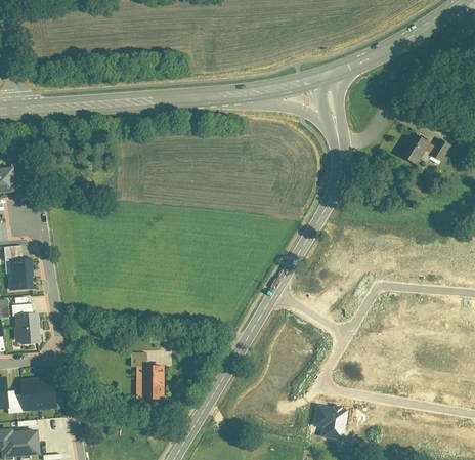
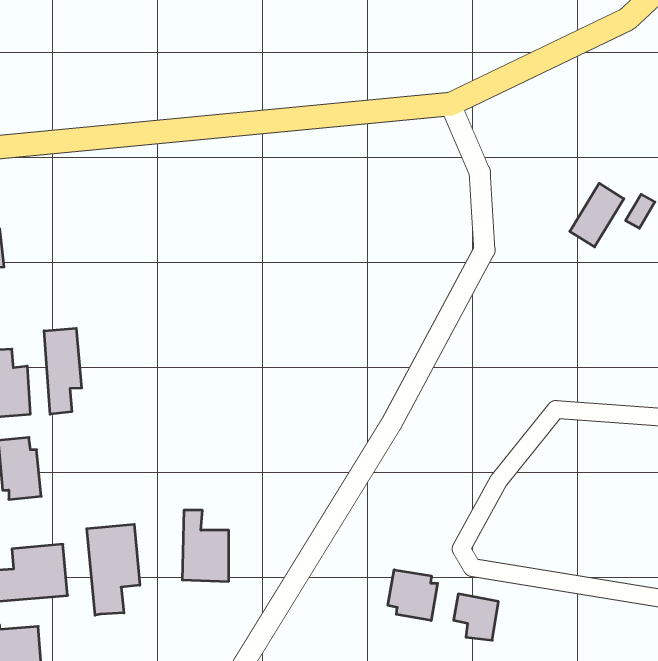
building: none -> [44,328,82,414]
building: none -> [87,524,140,615]
building: none -> [388,570,438,621]

